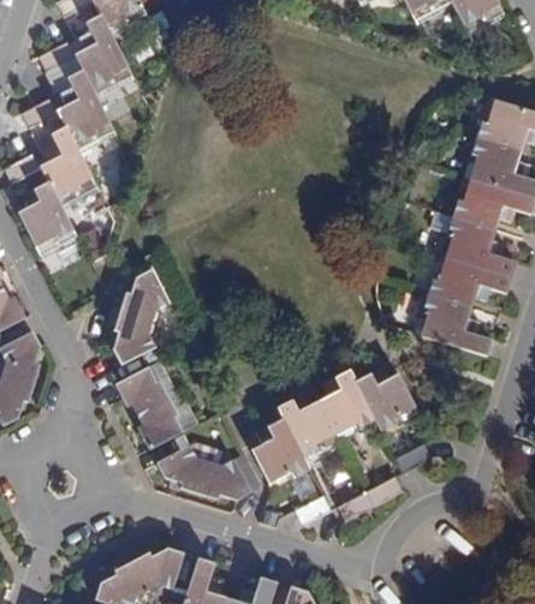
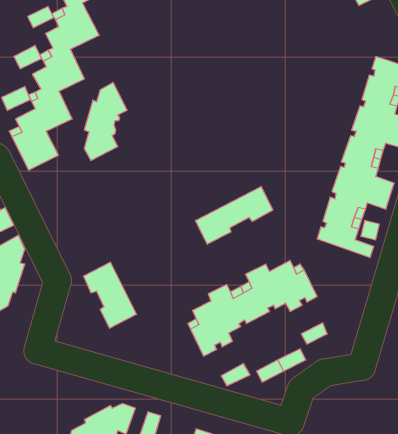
building: [113,259,168,360] -> [84,82,127,161]
building: none -> [196,186,273,244]
building: [155,445,254,501] -> none

